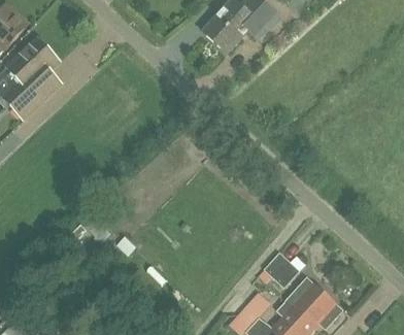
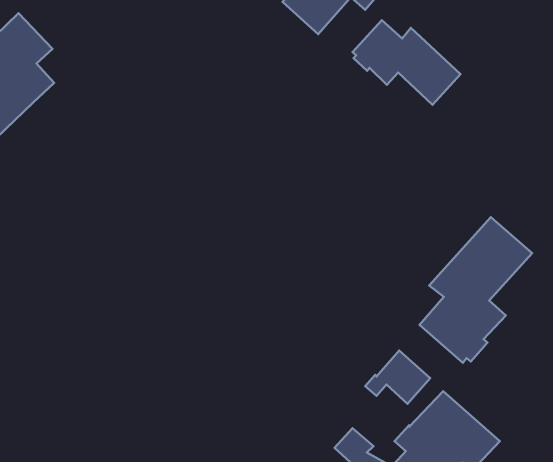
building: none -> [353,20,460,105]
building: none -> [419,217,532,363]

